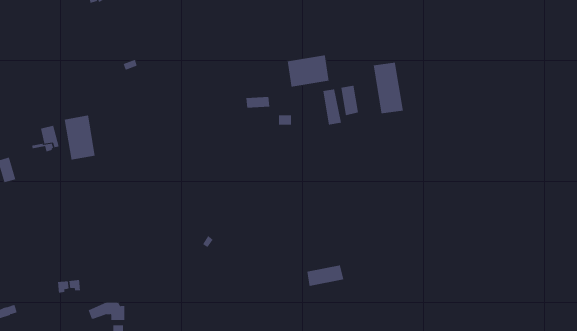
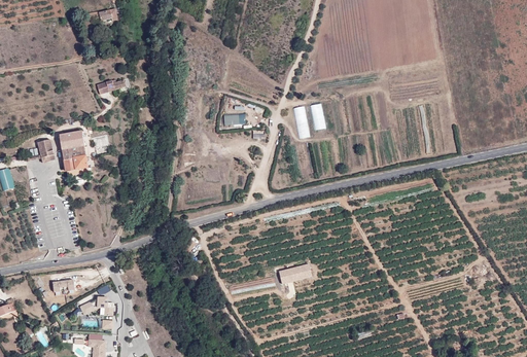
building: [287,55,329,87] -> none
building: [373,62,403,114] -> none

